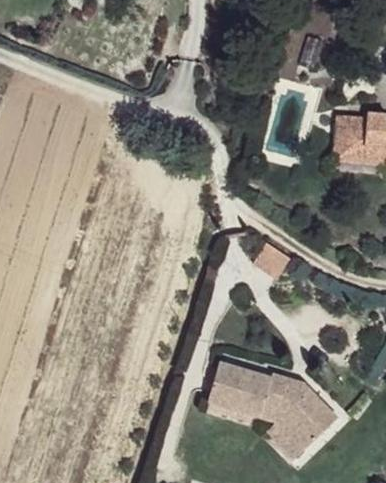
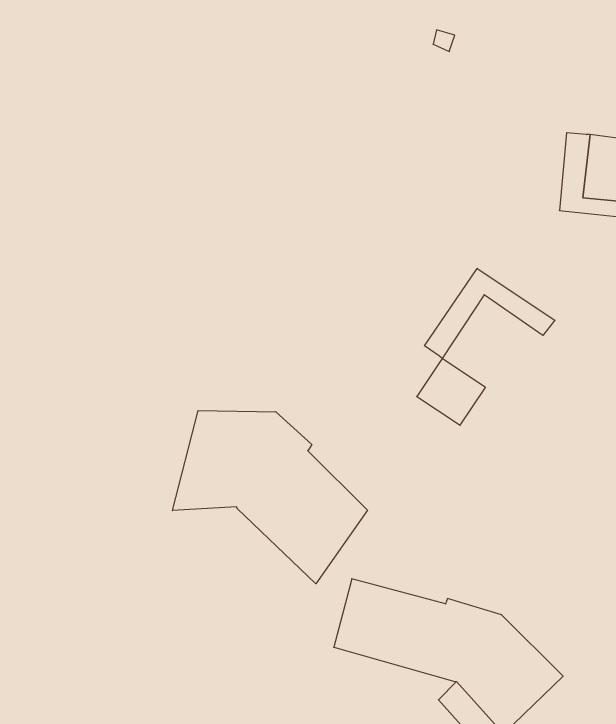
building: none -> [425,268,555,358]
building: none -> [172,411,367,584]

